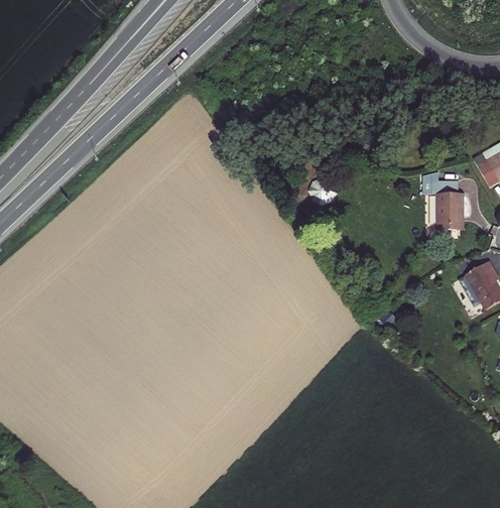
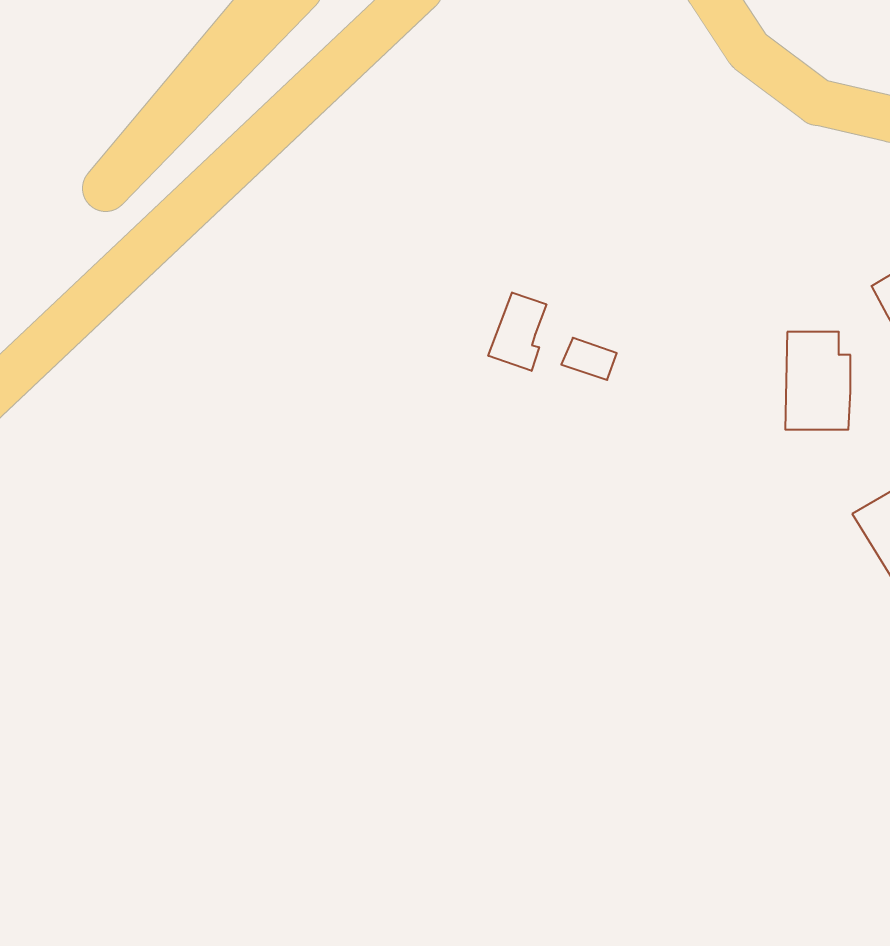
building: none -> [488,292,546,371]

